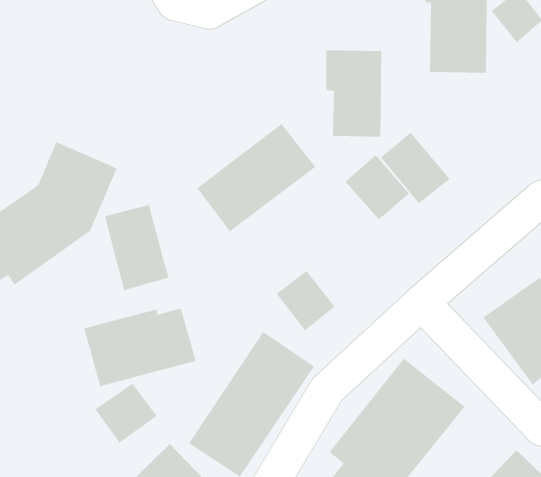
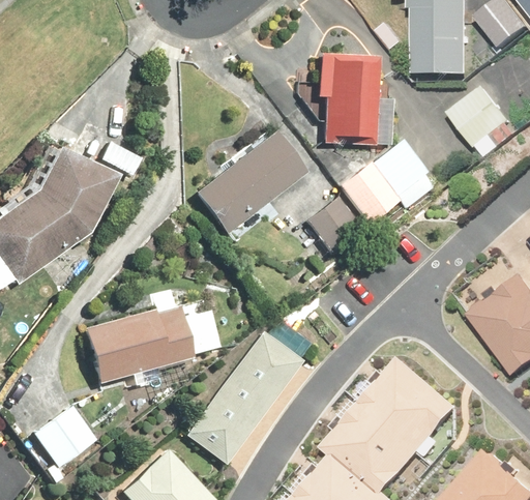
building: none -> [451,88,512,148]
building: [104,204,169,291] -> none
building: [276,270,336,331] -> [305,198,363,257]
building: [95,383,157,444] -> [29,405,90,464]

